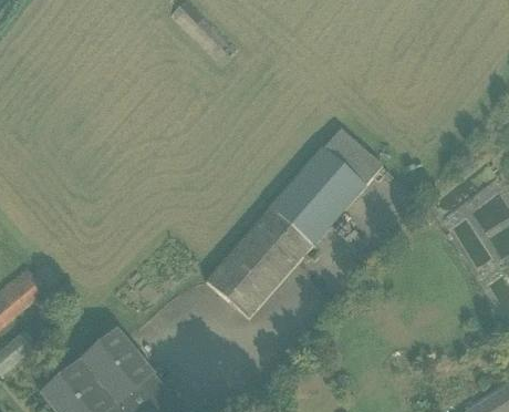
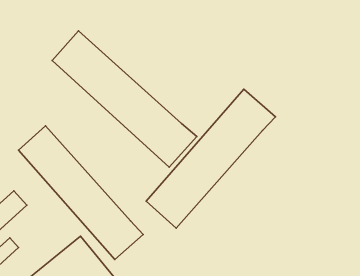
building: none -> [52,31,197,167]
building: none -> [19,126,143,260]

